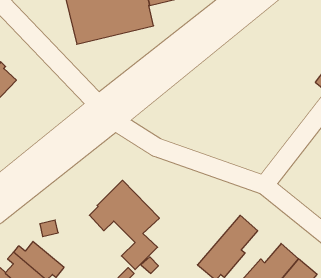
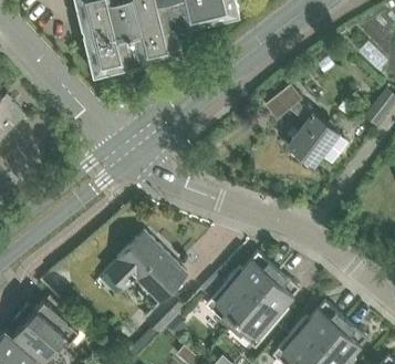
building: none -> [266,85,347,165]
building: none -> [209,252,279,326]

